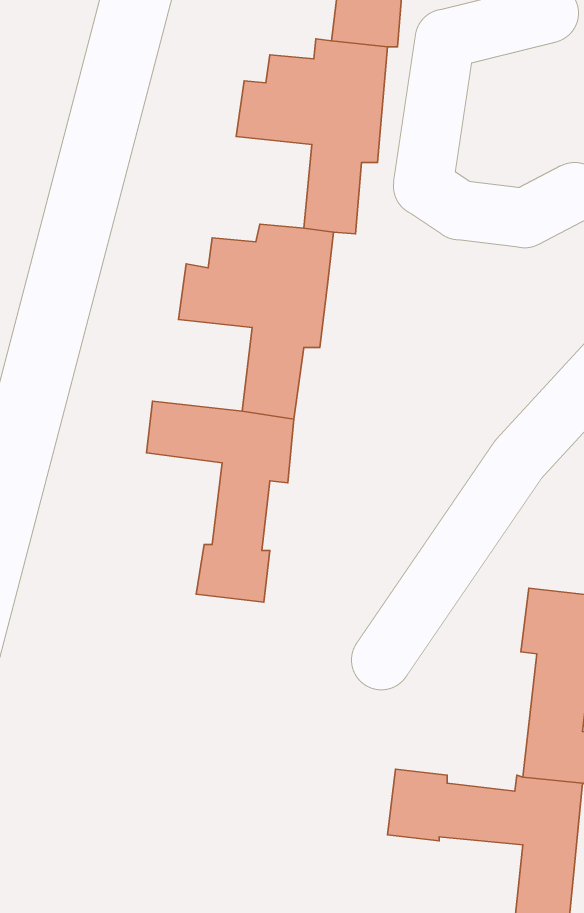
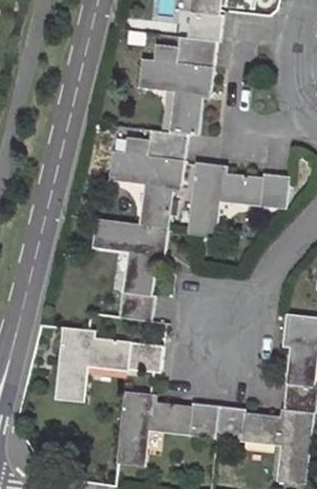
building: none -> [188,163,290,237]
building: none -> [55,328,163,402]
building: none -> [116,392,219,467]

